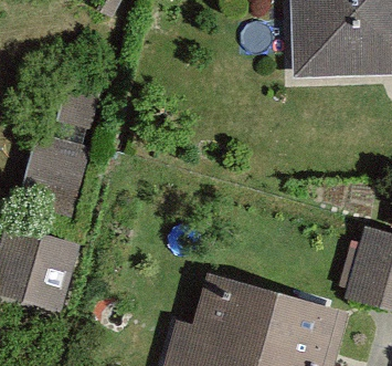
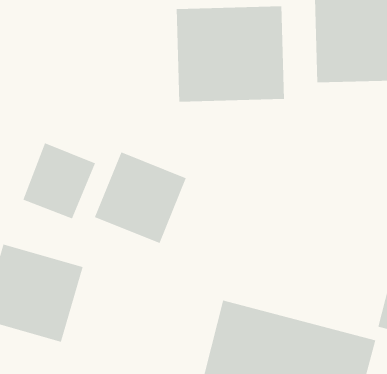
building: none -> [176,5,285,102]
building: none -> [94,152,186,244]

